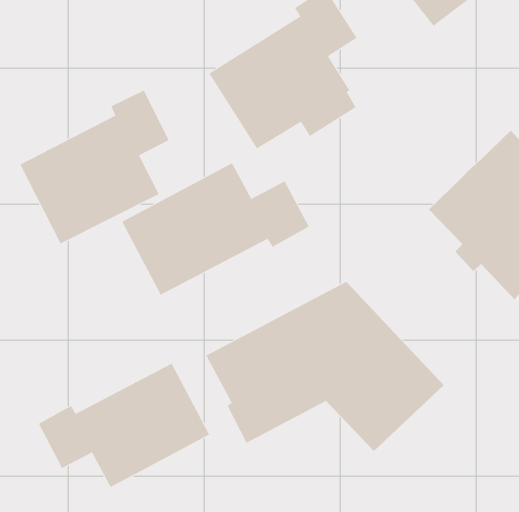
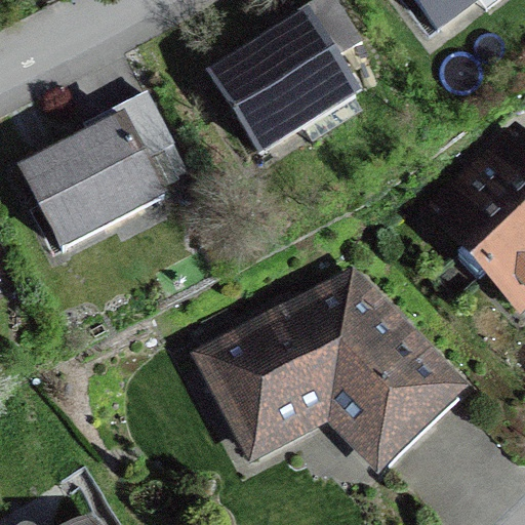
building: [122,163,309,295] -> none
building: [38,363,210,488] -> none

